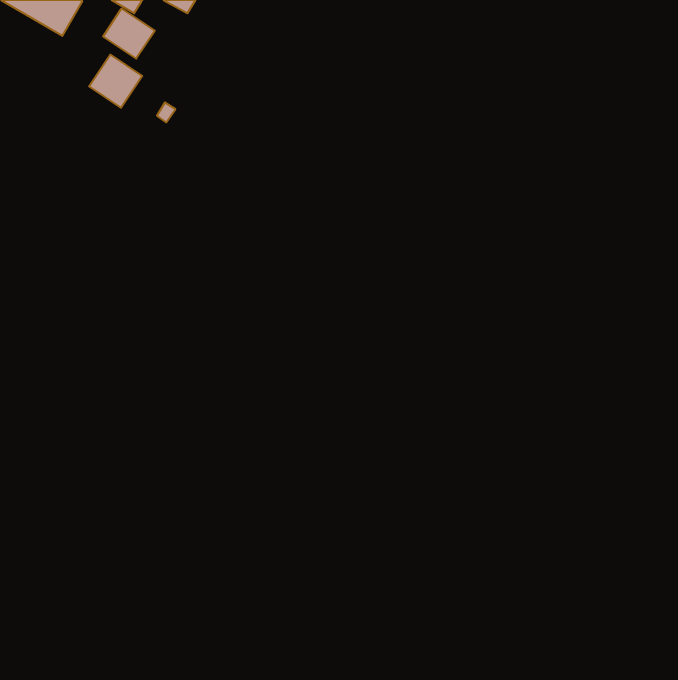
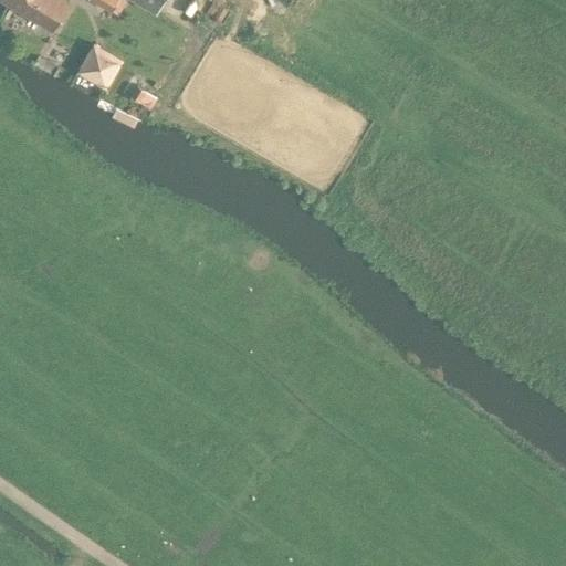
building: [103,9,155,59] -> none

